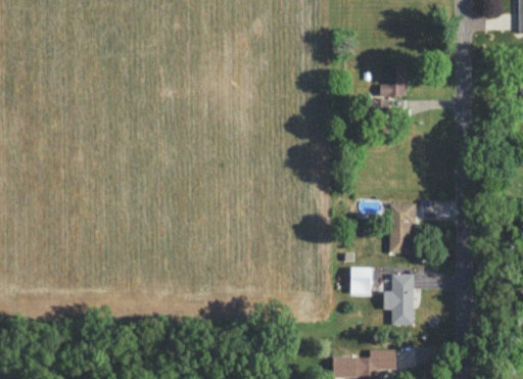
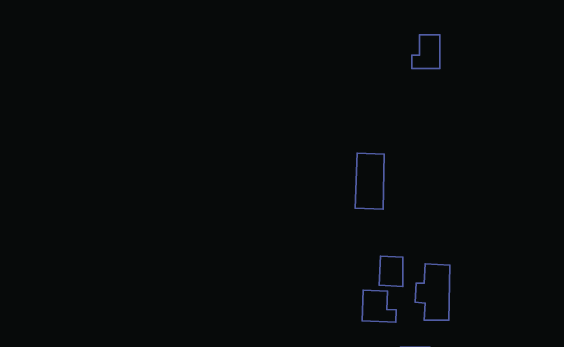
building: [388,202,415,253] -> [355,153,384,209]
building: none -> [362,290,396,322]

